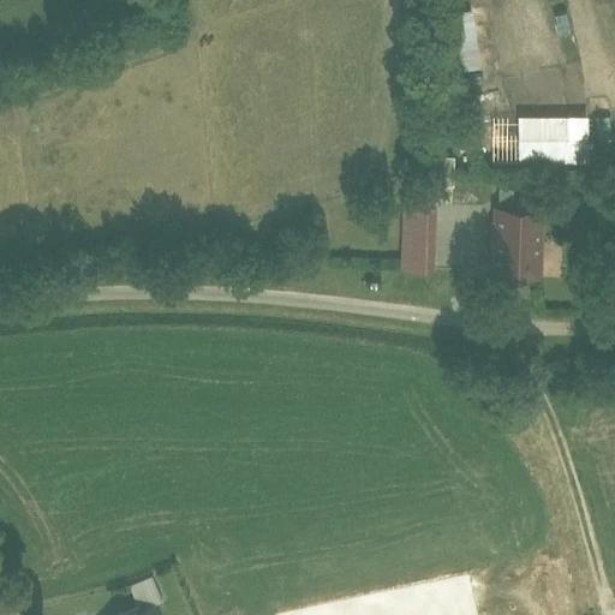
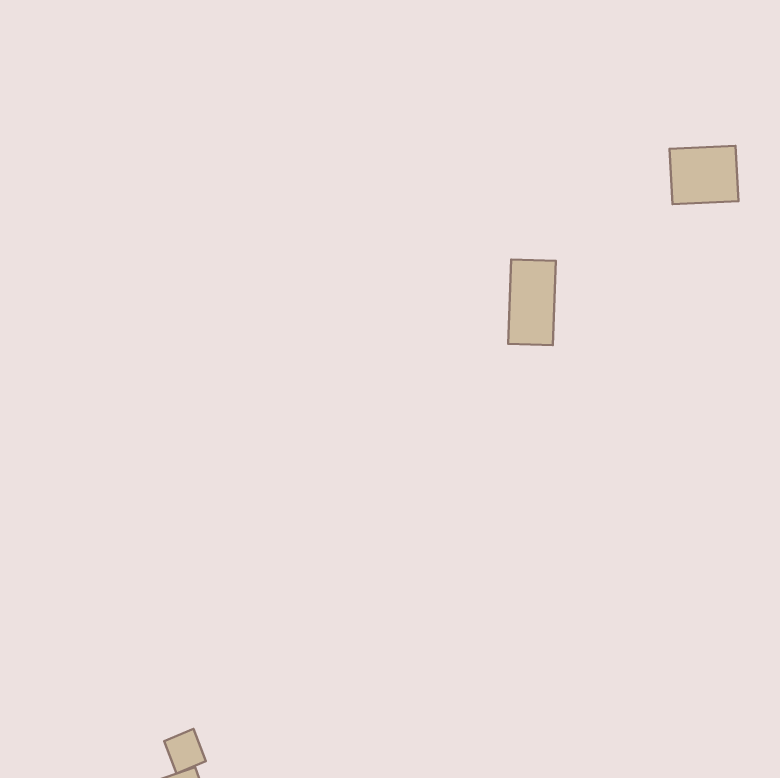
building: [489,210,539,281] -> none

